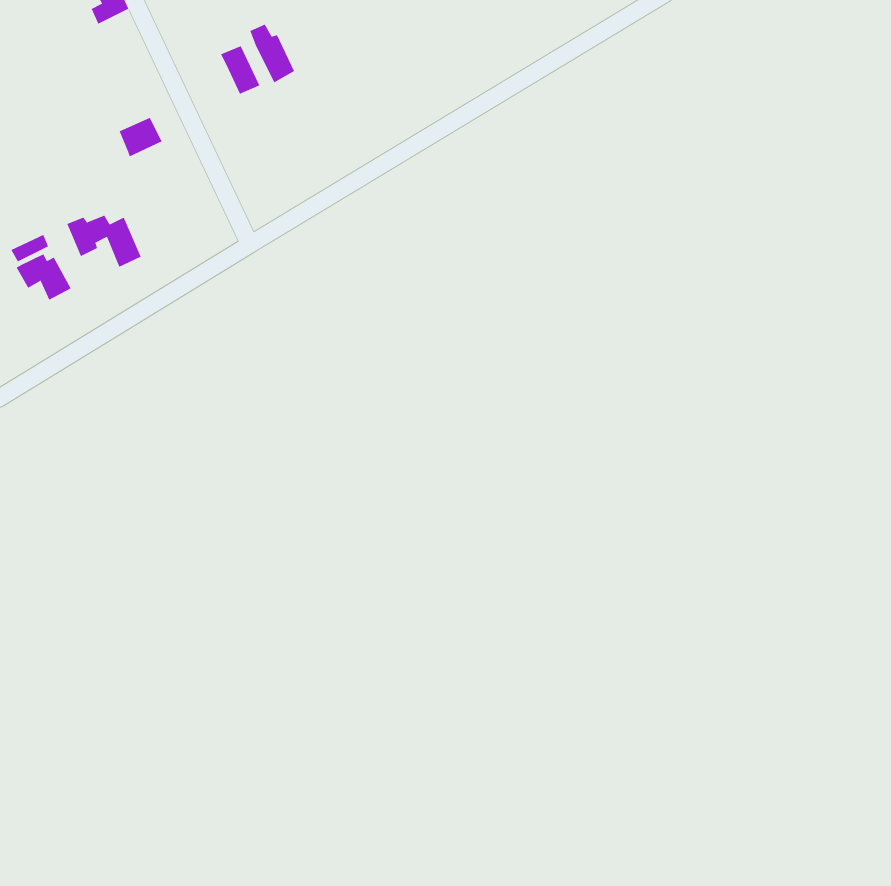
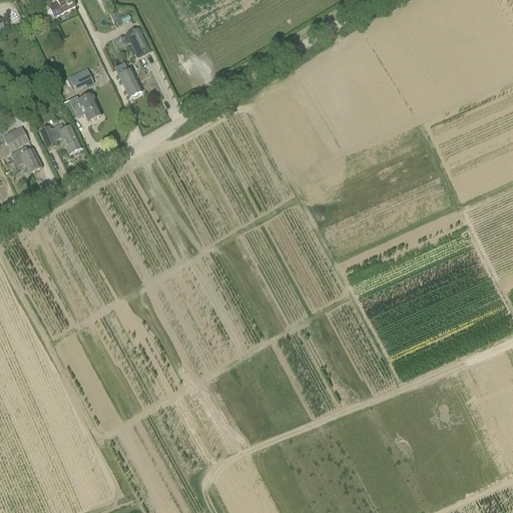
building: [249,24,295,83] -> [114,62,140,96]
building: none -> [62,92,101,120]

